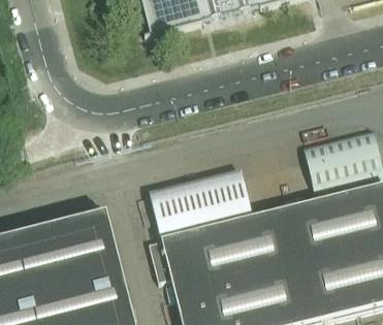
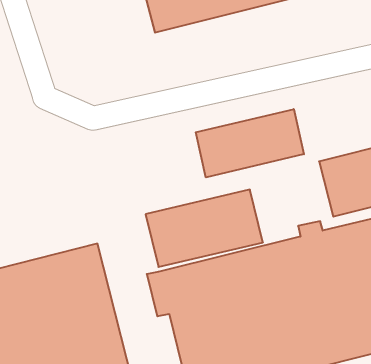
building: none -> [196,109,304,177]

